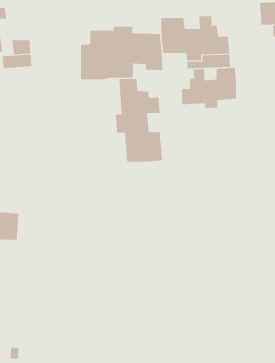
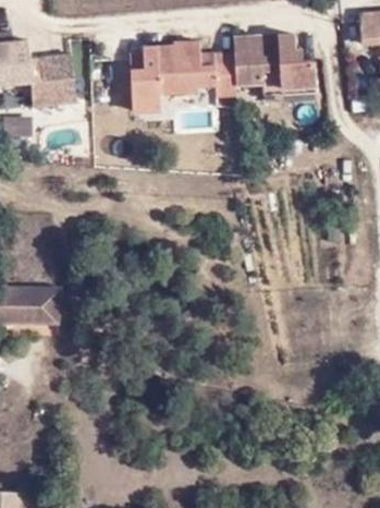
building: [182,67,237,109] -> none
building: [115,78,163,163] -> none

